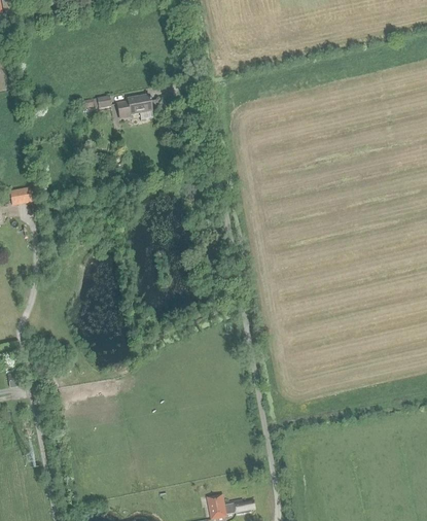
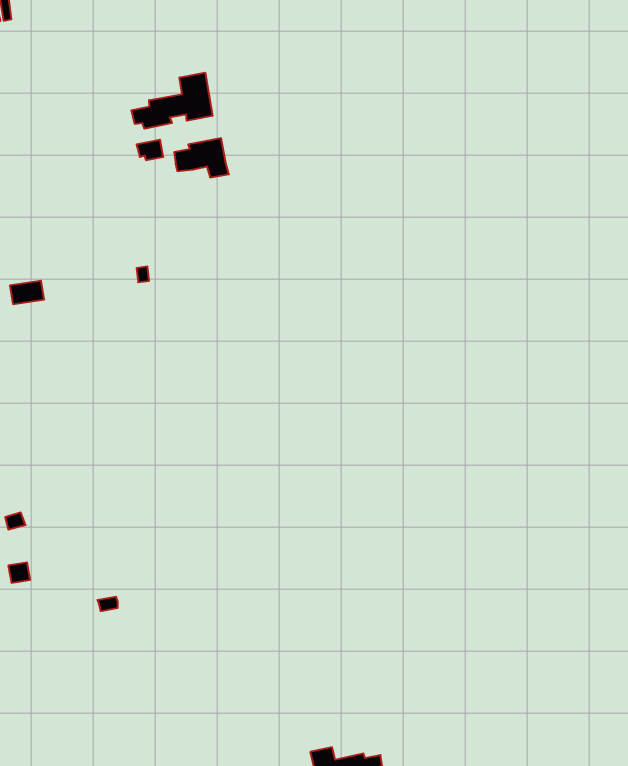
building: none -> [131,73,212,129]

